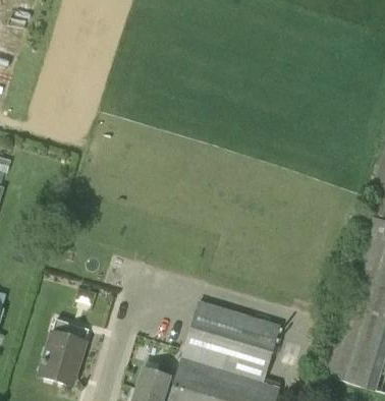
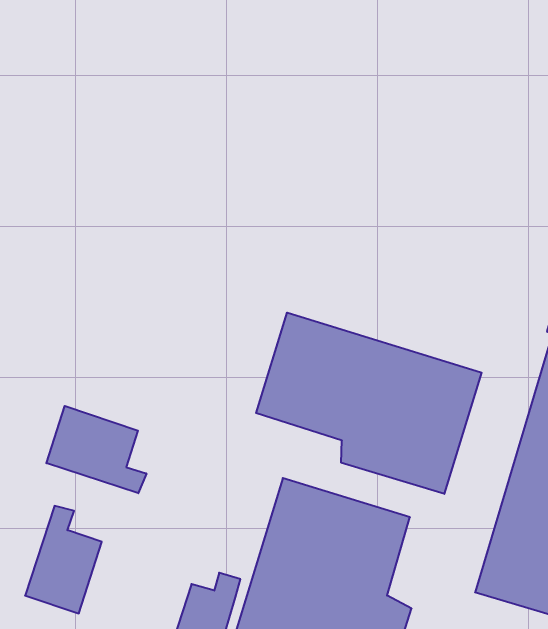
building: none -> [256,313,482,494]
building: none -> [46,406,146,493]

